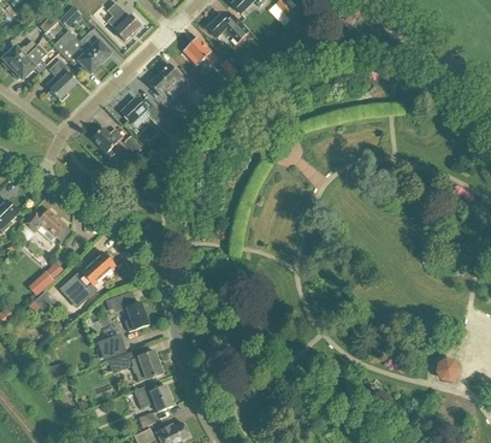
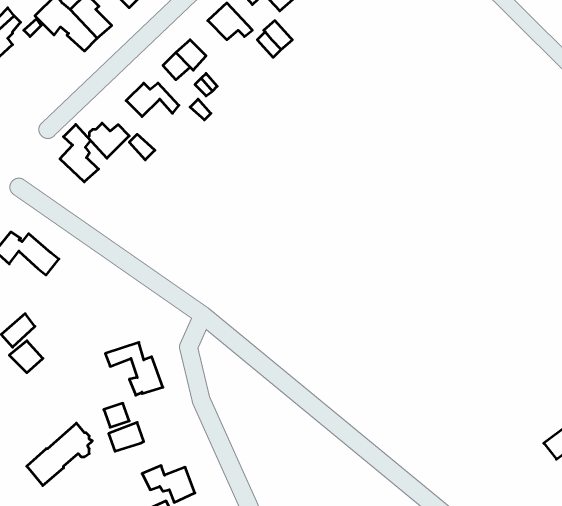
building: [49,59,78,102] -> none
building: none -> [60,124,99,182]
building: [66,253,116,300] -> [27,423,92,486]
building: [130,349,162,382] -> none

